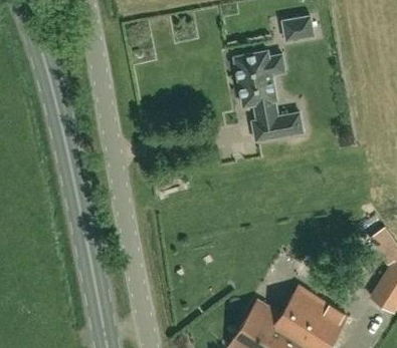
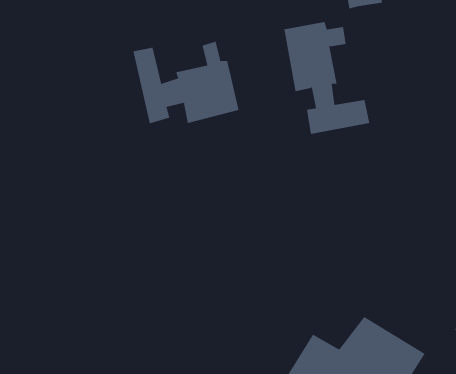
building: none -> [133,41,239,124]

